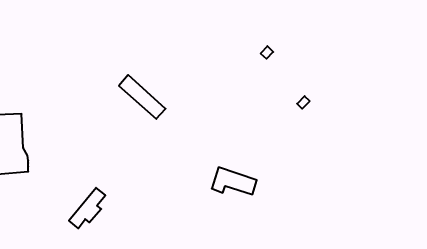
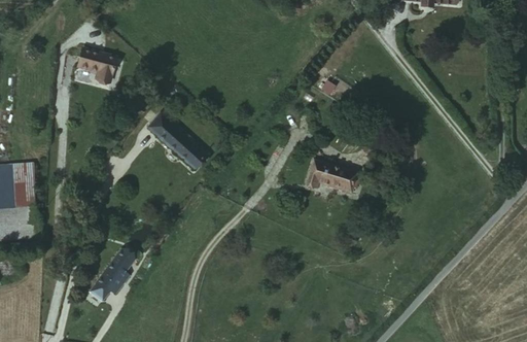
building: none -> [67,48,110,89]
building: [212,167,257,194] -> [306,160,360,193]

